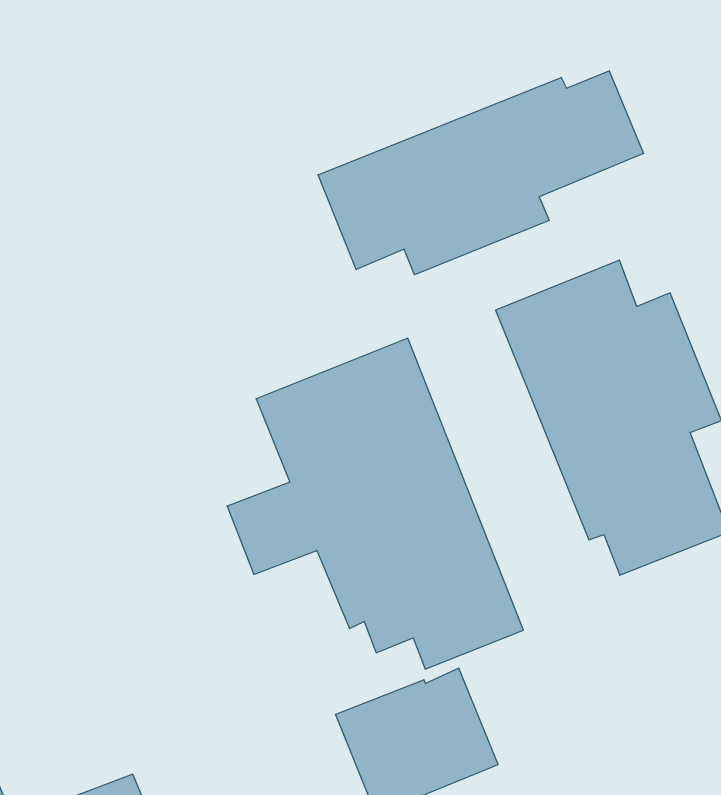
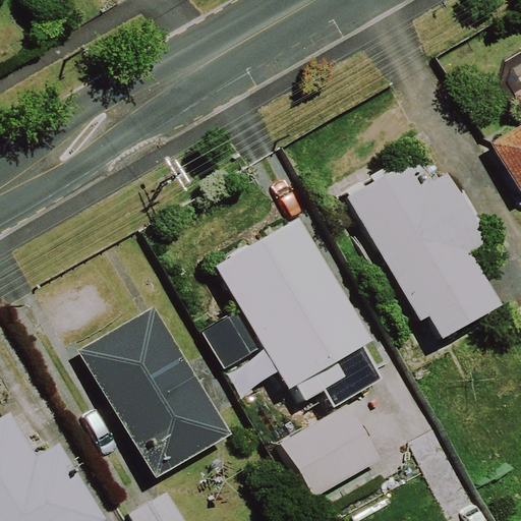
building: [318,71,644,275] -> none
building: none -> [80,304,231,477]

